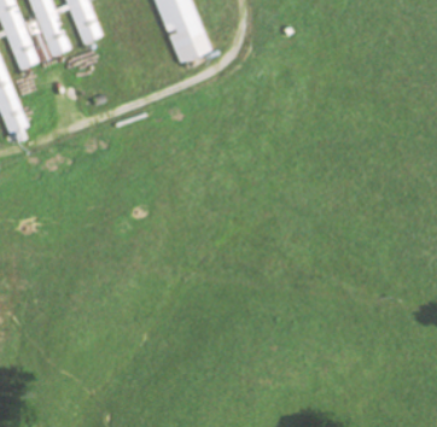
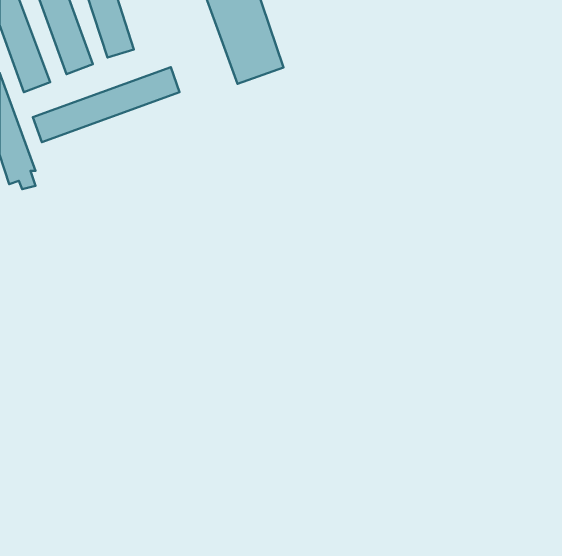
building: none -> [33,67,179,142]

